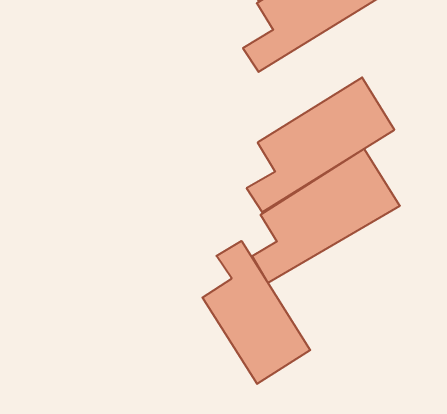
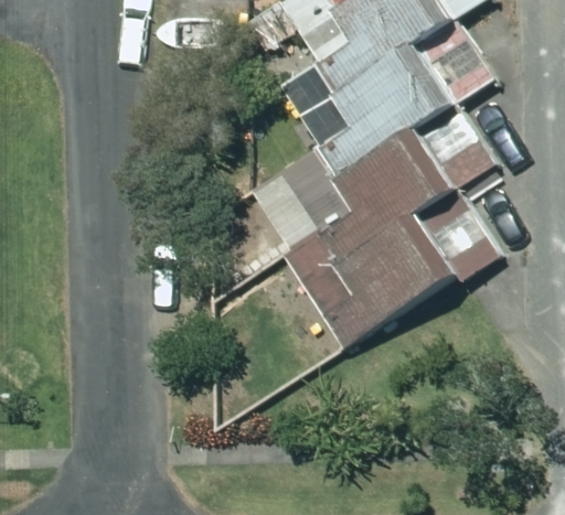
building: none -> [302,20,480,180]
building: [202,241,310,384] -> none

